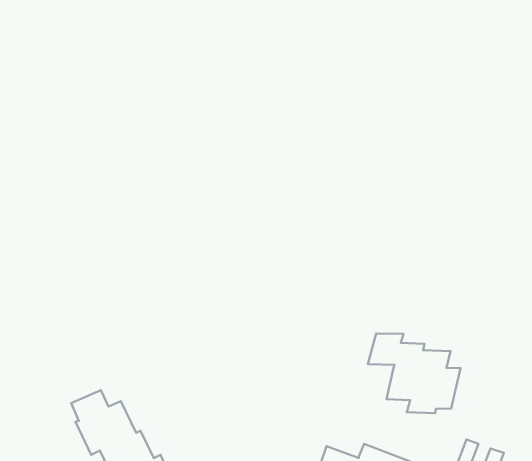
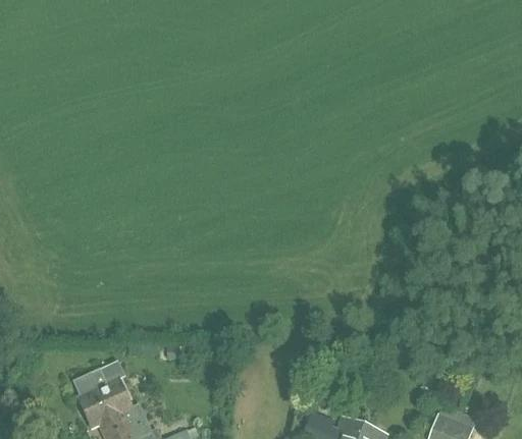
building: [368,334,461,413] -> none

